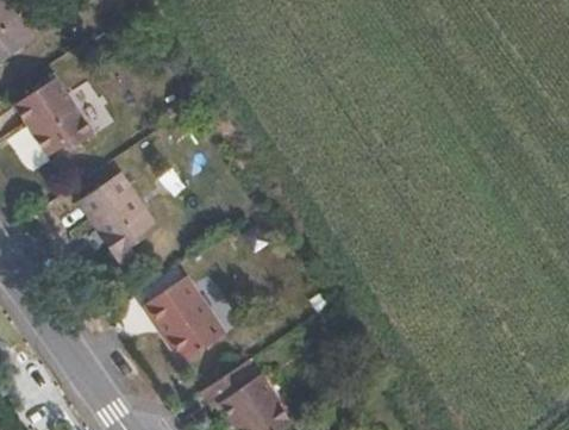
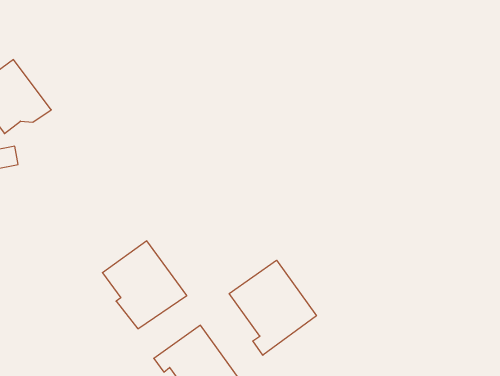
building: [82,170,165,256] -> none
building: none -> [229,260,316,355]

